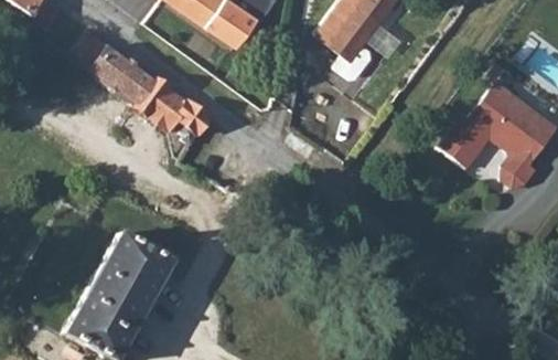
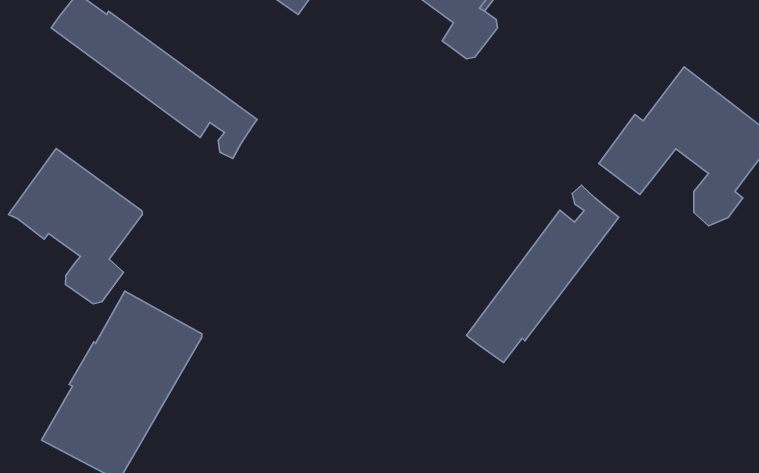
building: none -> [8,148,142,304]
building: none -> [466,185,619,363]

